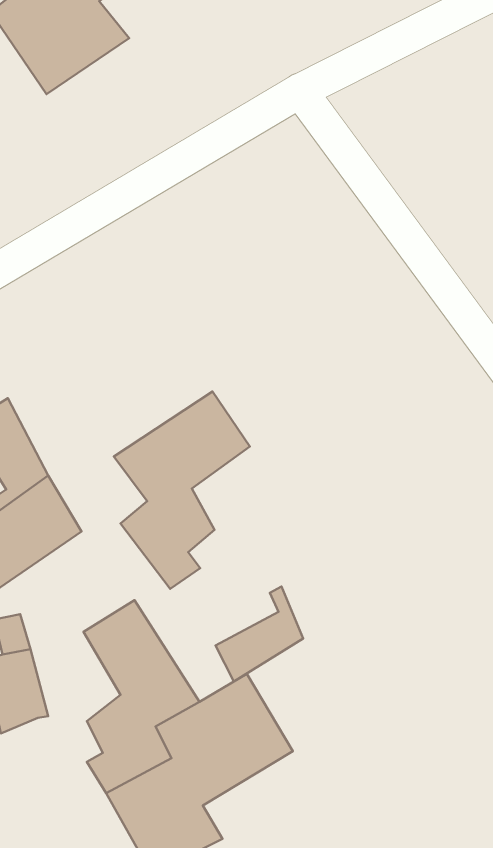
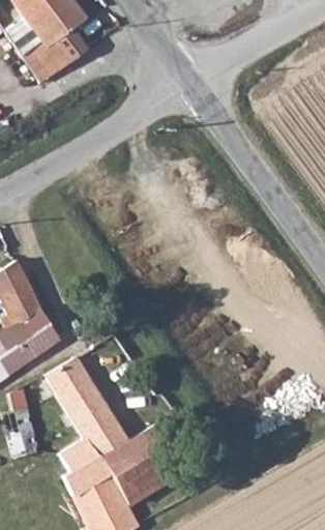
building: [114,391,250,589] -> none
building: none -> [46,356,90,399]
building: [216,586,303,682] -> none

